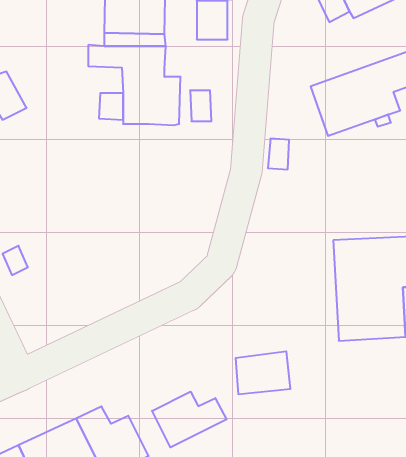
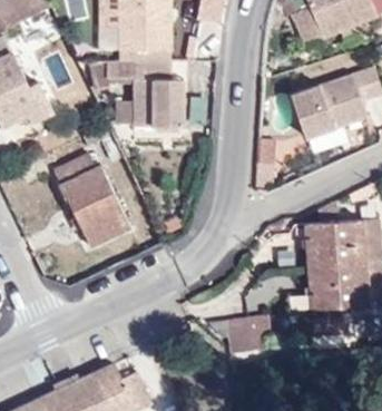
building: none -> [52,154,128,245]
building: [152,392,227,447] -> none

